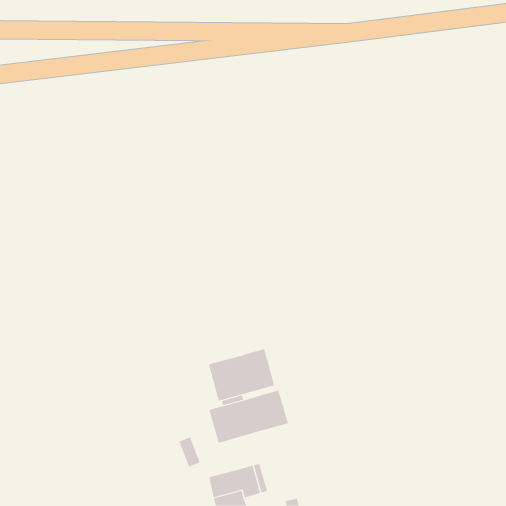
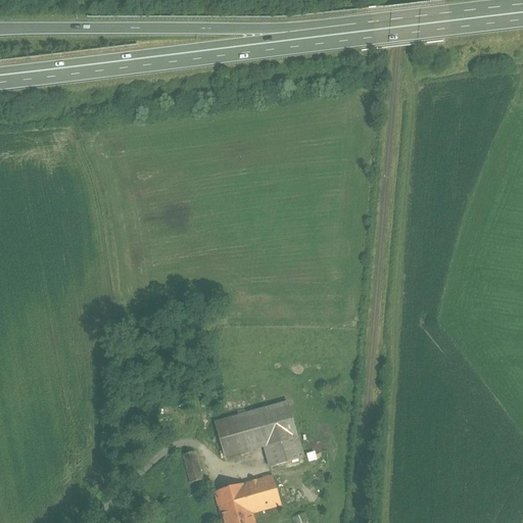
building: [208,348,275,402] -> none
building: none -> [264,436,302,467]

